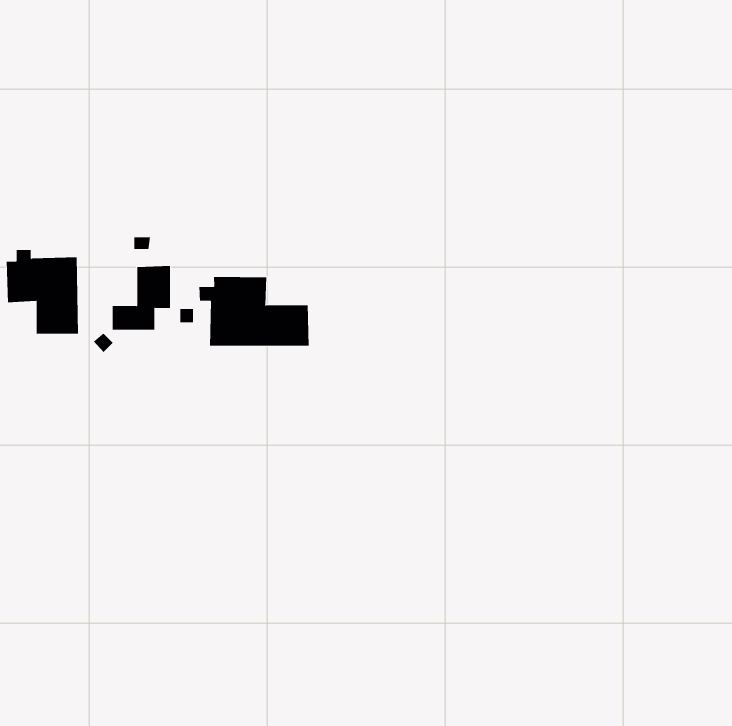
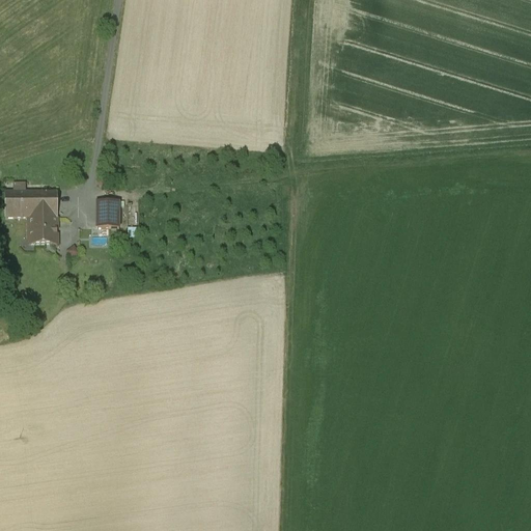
building: [199,276,309,346] -> none

